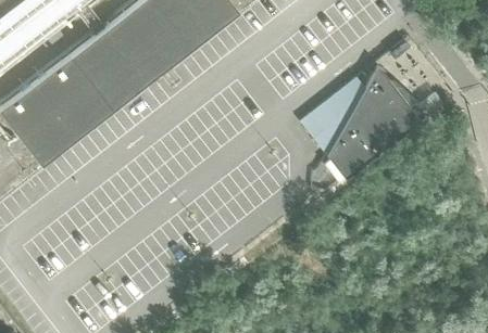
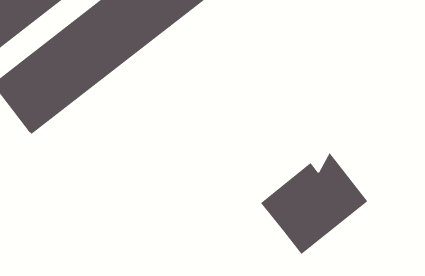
building: [300,64,421,178] -> [260,153,368,255]

